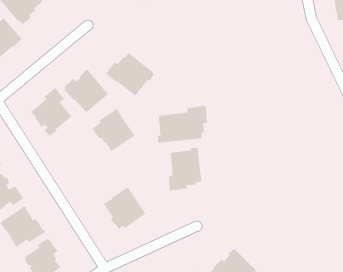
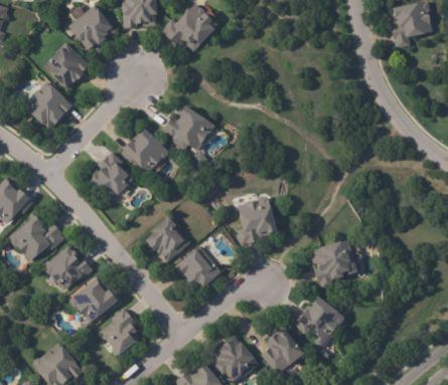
building: [157,105,207,144] -> none
building: [92,108,135,152] -> [144,216,190,262]
building: none -> [310,238,357,287]

